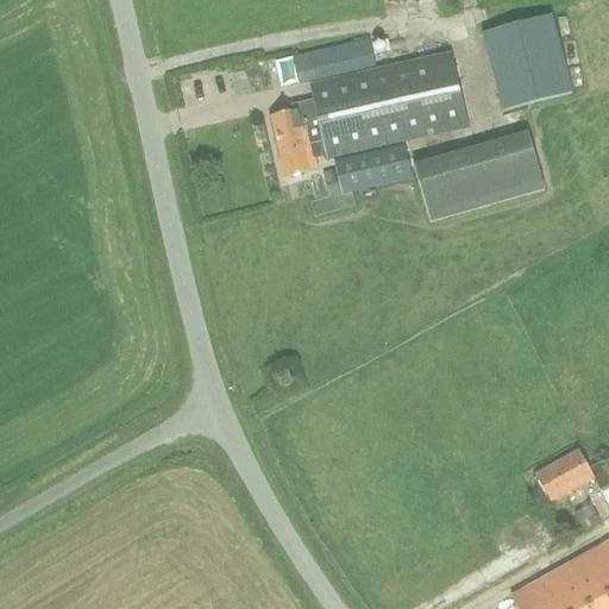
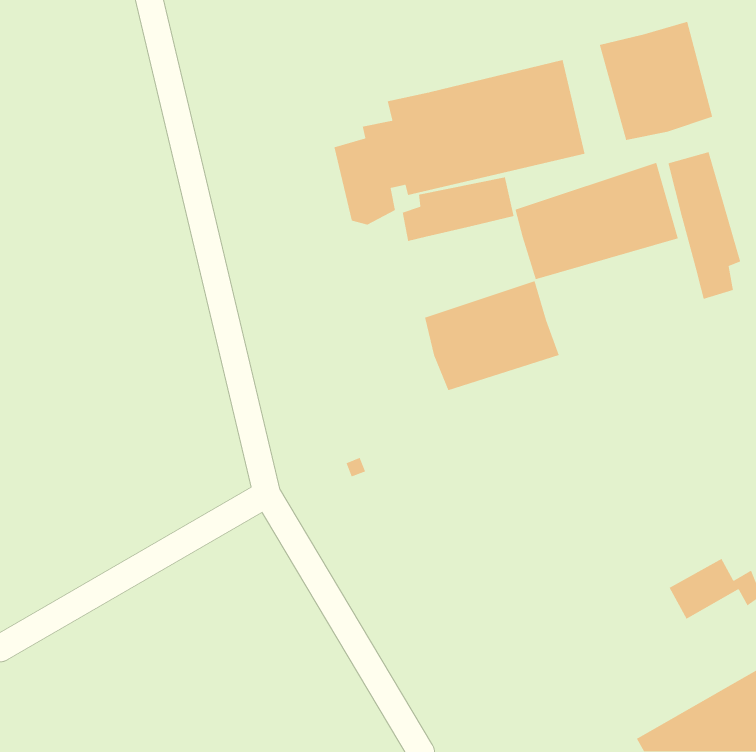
building: [275,34,376,87] -> none
building: none -> [667,151,741,300]
building: none -> [424,280,560,391]

